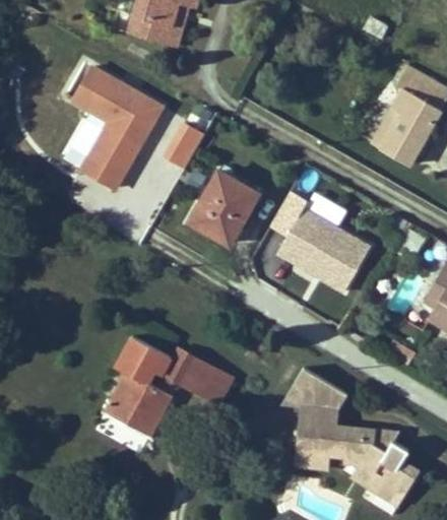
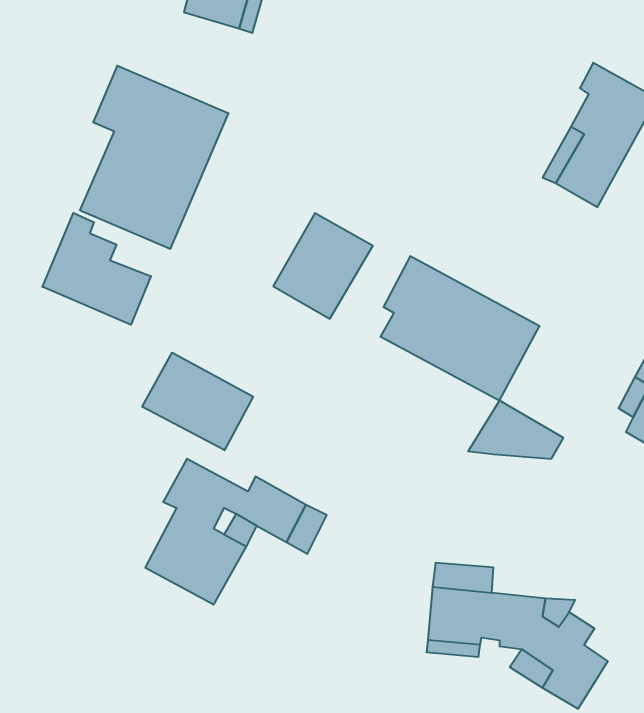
building: [158,123,202,173] -> none
building: none -> [42,213,151,325]
building: none -> [142,353,253,450]
building: [283,371,348,410] -> [468,401,563,459]

